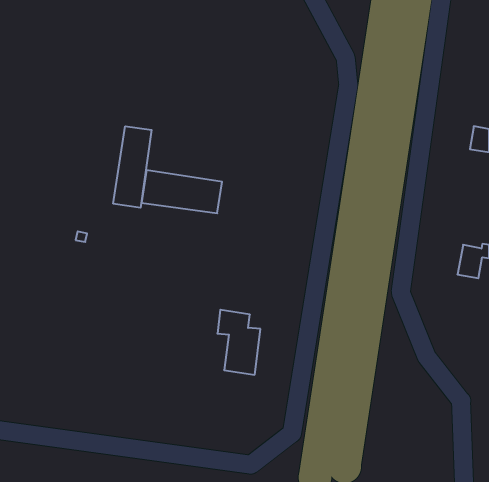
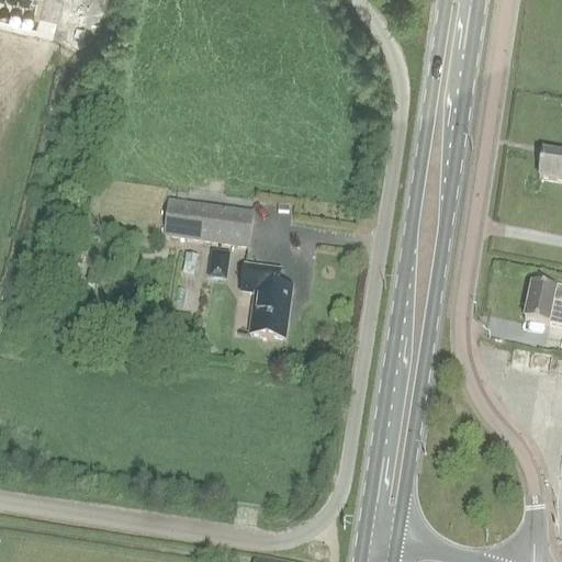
building: [113,126,152,208] -> none
building: [217,310,260,375] -> [243,260,292,335]

